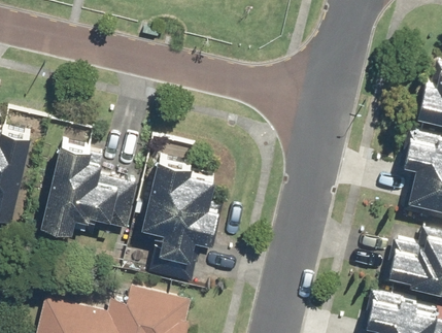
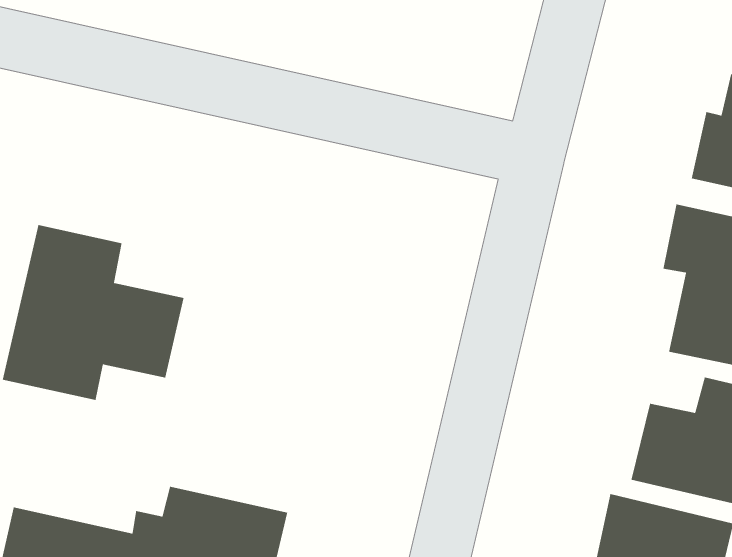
building: [139,159,220,281] -> none

